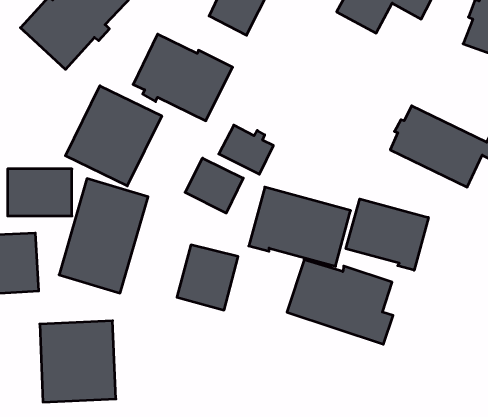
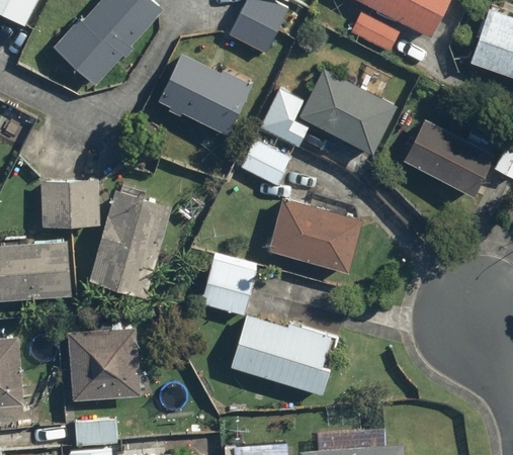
building: none -> [254,70,396,155]
building: [65,86,162,186] -> none
building: [185,158,243,213] -> none
building: [346,199,428,270] -> none
building: [287,260,393,344] -> [231,315,331,395]

